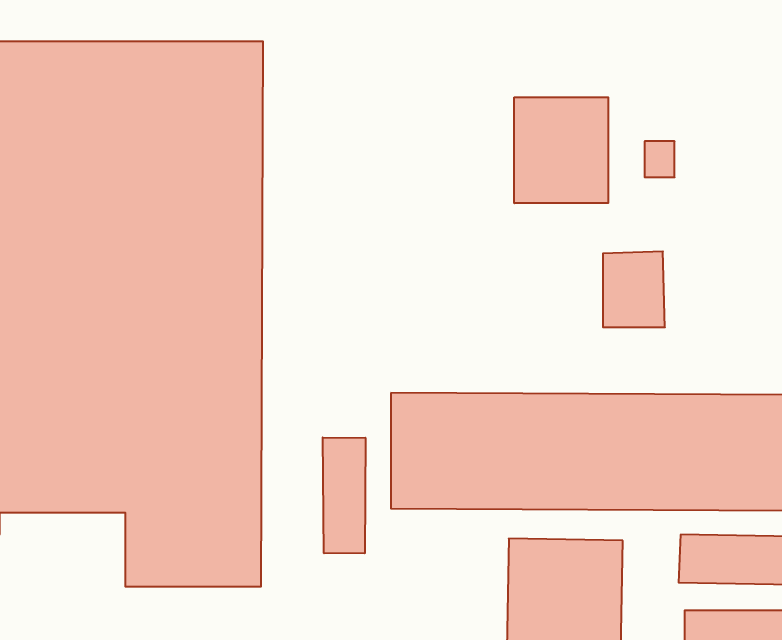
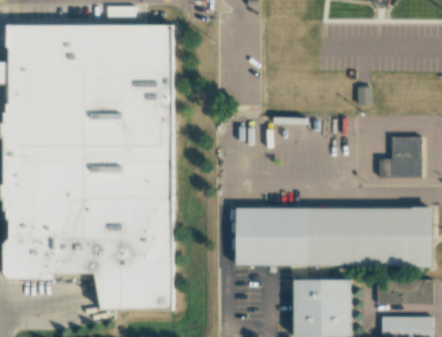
building: [514,97,608,203] -> none
building: [603,251,665,327] -> [391,136,422,175]
building: [323,437,365,553] -> none

